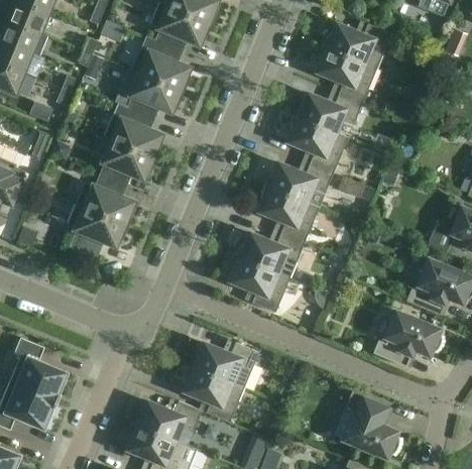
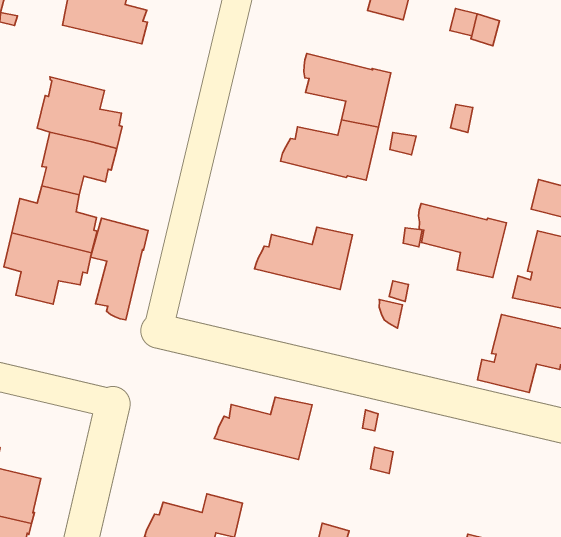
building: [114,69,184,118] -> none
building: [293,93,362,133] -> none
building: [260,185,320,242] -> [419,204,507,277]
building: none -> [91,218,148,320]
building: [231,254,290,313] -> none
building: [185,364,244,423] -> none
building: [343,391,399,458] -> none

